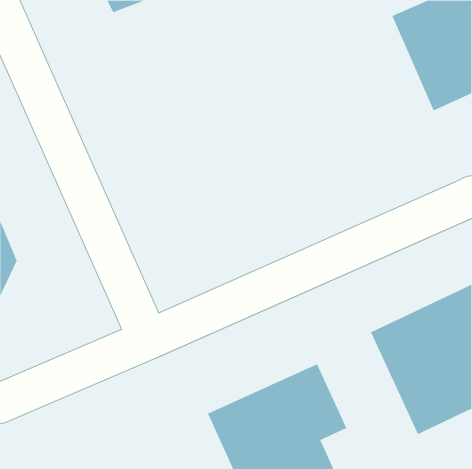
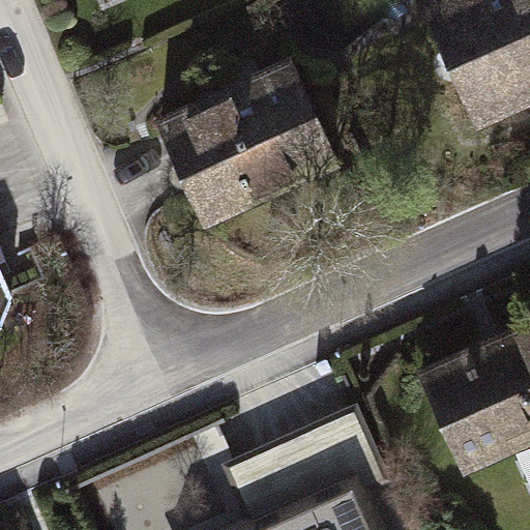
building: none -> [154,60,340,230]

